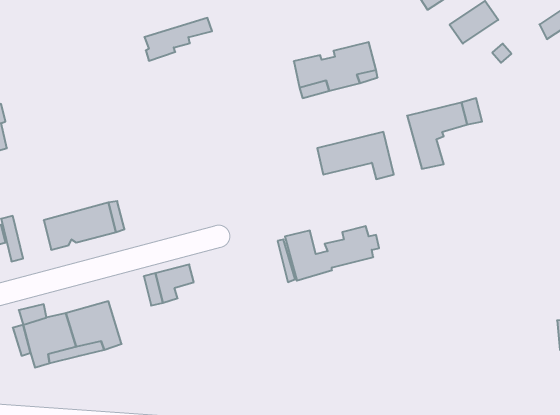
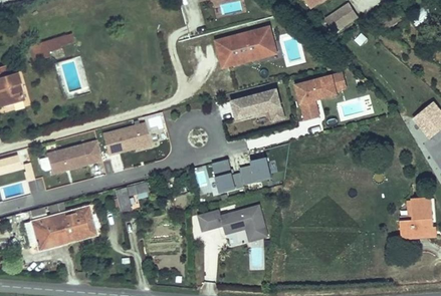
building: [144,18,212,61] -> [31,34,77,63]
building: none -> [102,122,151,155]
building: none -> [198,206,267,242]

